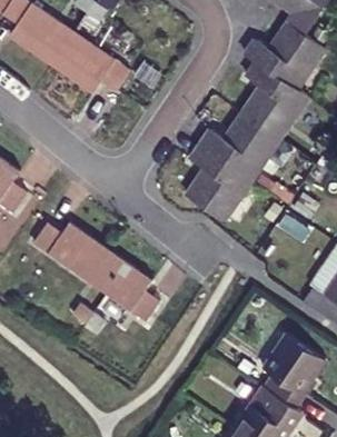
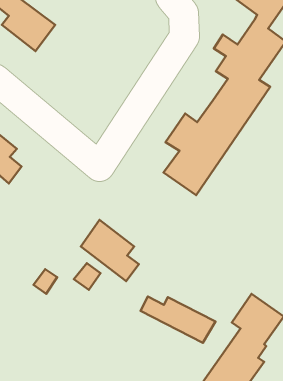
building: [42,31,120,91] -> none
building: [43,222,115,281] -> none
building: none -> [141,297,215,343]

